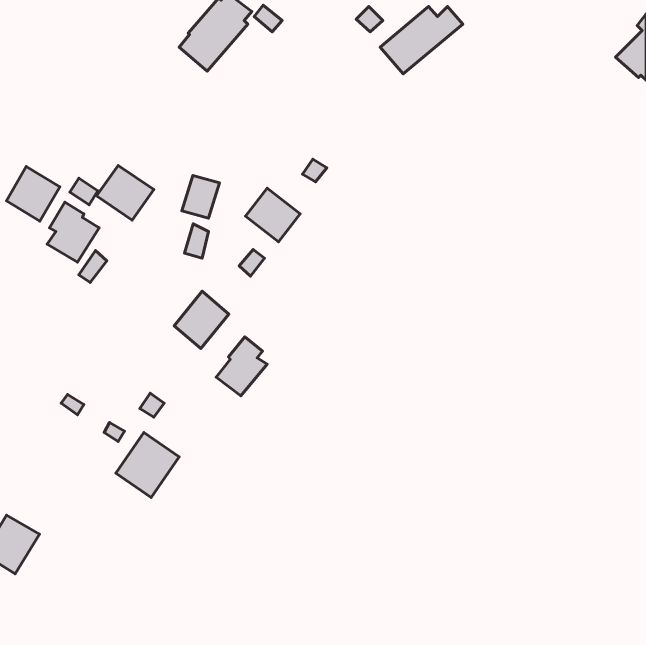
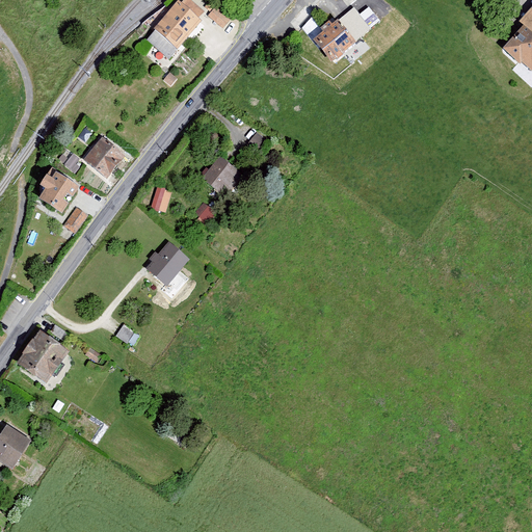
building: [6,167,60,221] -> none
building: [182,175,219,218] -> none
building: [216,337,267,396] -> none
building: [116,433,179,497] -> [18,330,70,383]

